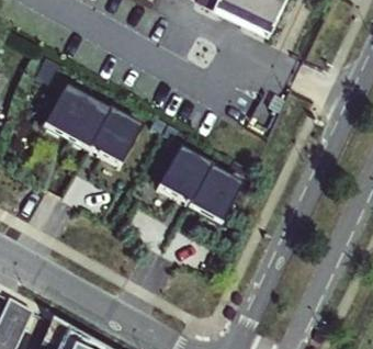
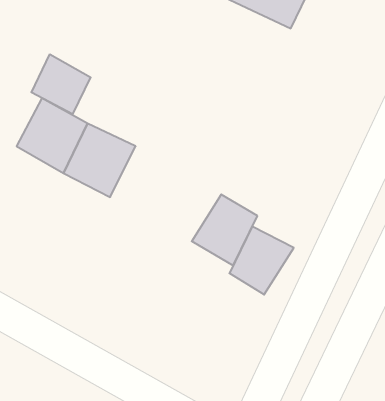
building: none -> [31,54,91,114]
building: [159,147,212,203] -> [229,226,294,295]

